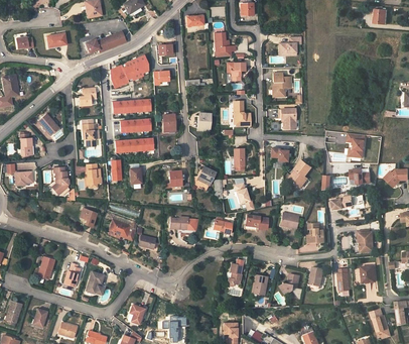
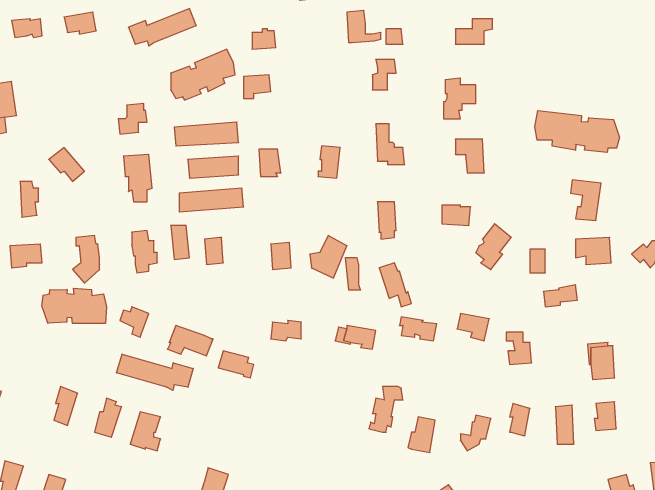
building: none -> [535,111,620,152]
building: none -> [42,288,106,323]
building: none -> [117,354,193,390]

